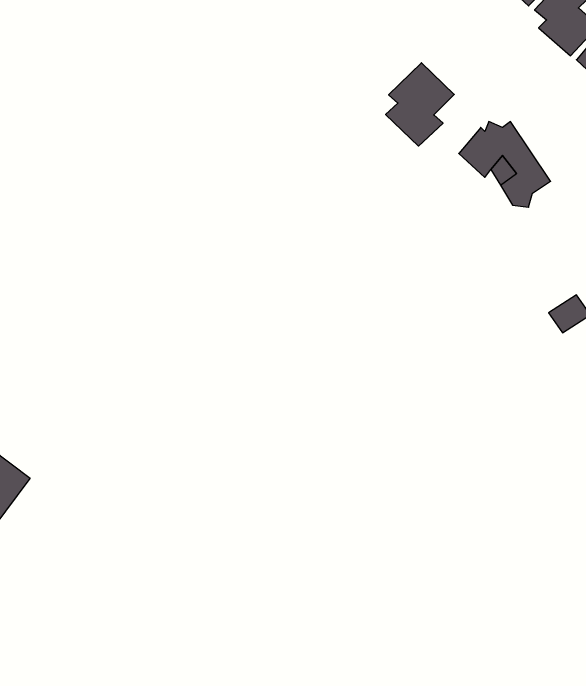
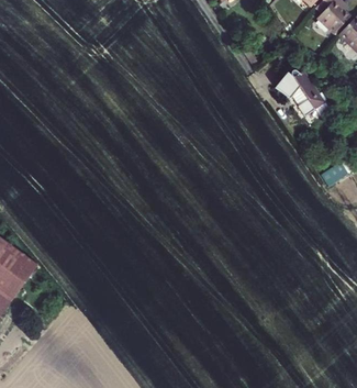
building: [386,63,454,146] -> none

